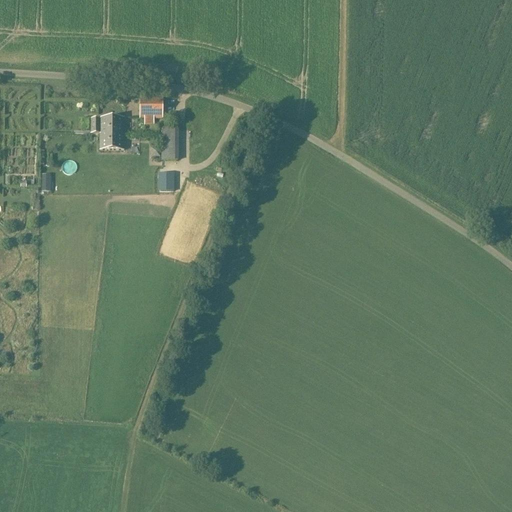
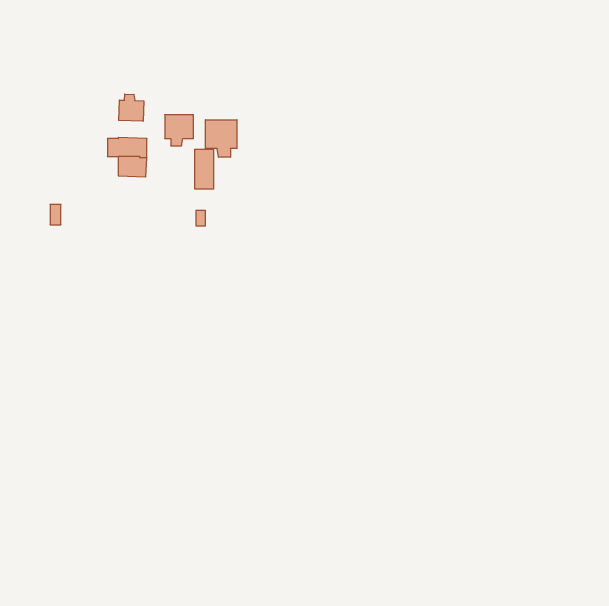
building: none -> [119,94,144,121]
building: none -> [205,120,237,157]

